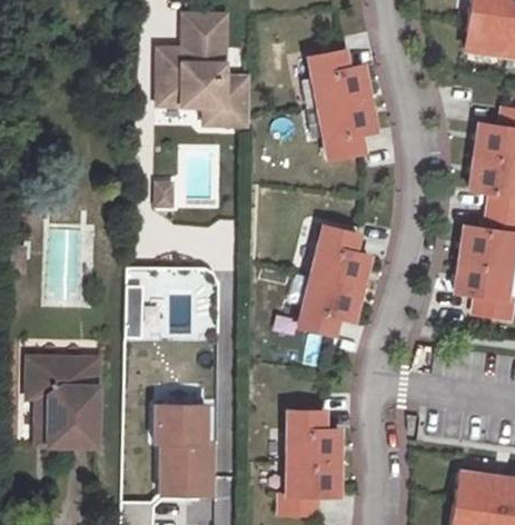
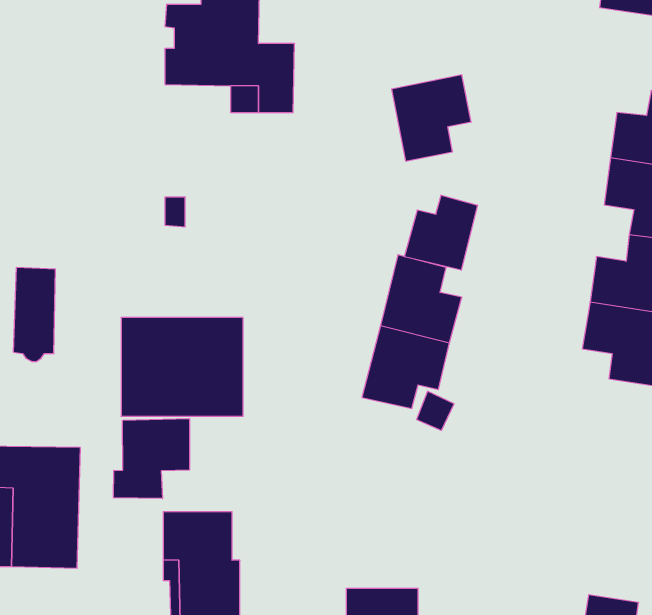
building: [309,49,369,107] -> none
building: none -> [404,195,478,270]
building: none -> [114,419,190,499]
building: [287,410,338,462] -> none

